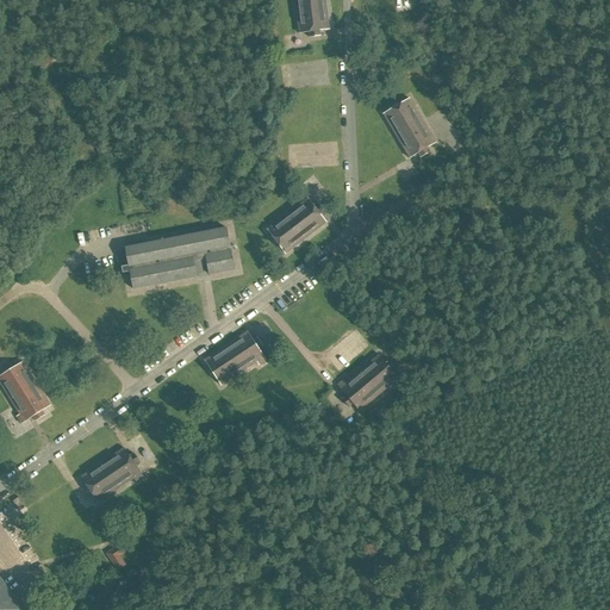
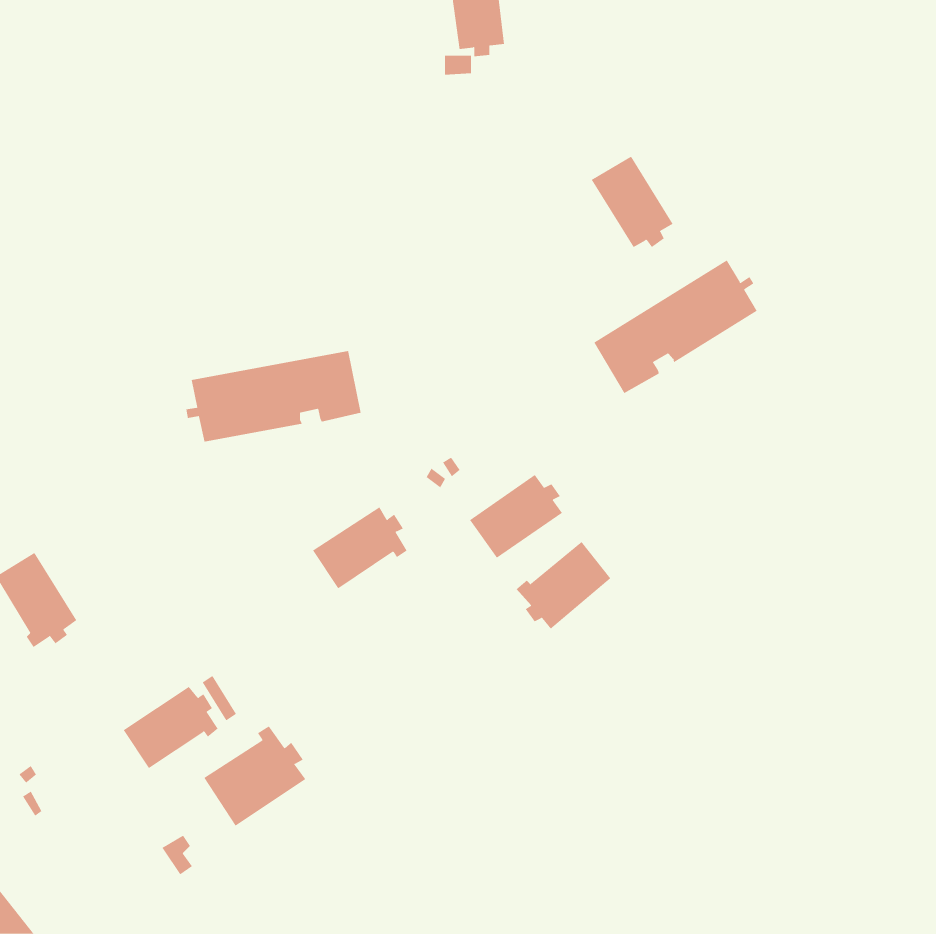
building: none -> [594,260,757,394]
building: [267,199,328,254] -> [469,474,563,559]
building: none -> [203,725,306,827]

